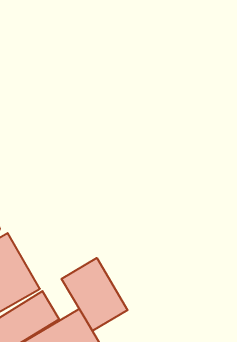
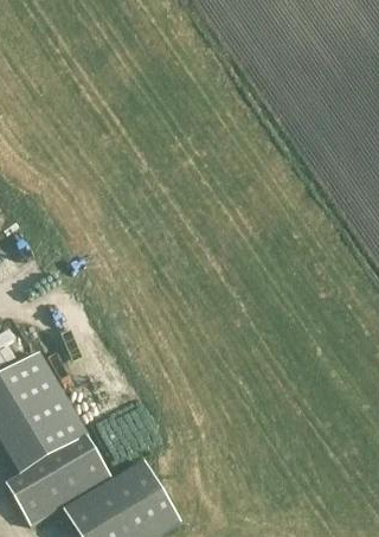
building: [62,258,128,331] -> none

